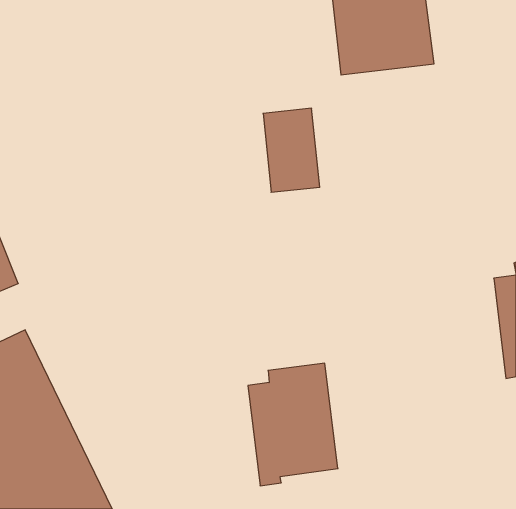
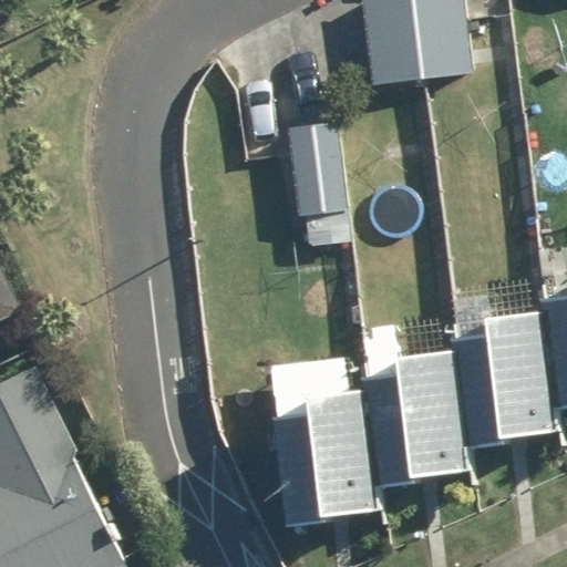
building: none -> [453,319,551,453]
building: none -> [362,358,462,492]

